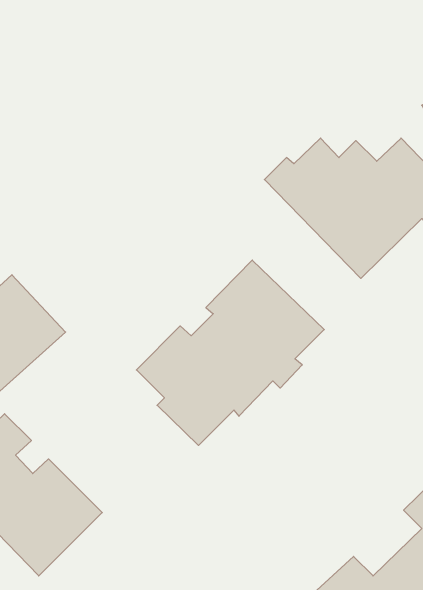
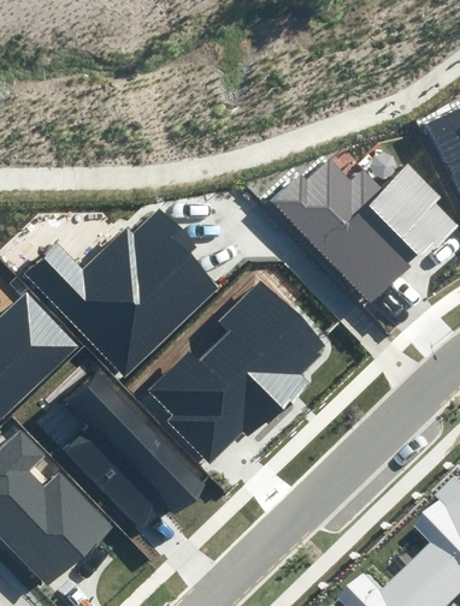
building: none -> [22,213,216,378]
building: none -> [63,376,202,534]

